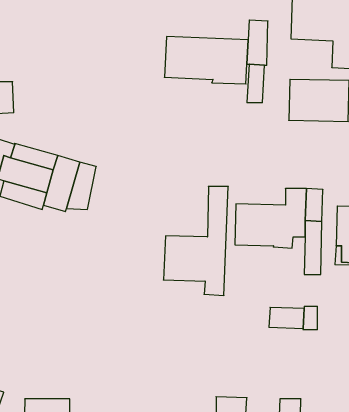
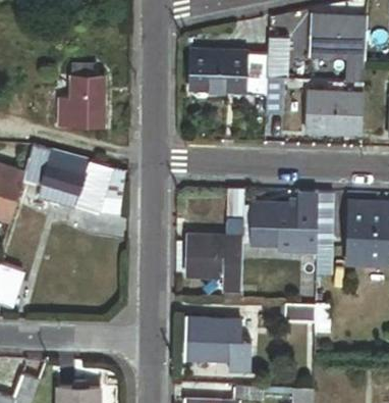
building: none -> [57,64,101,124]
building: none -> [187,320,253,369]

